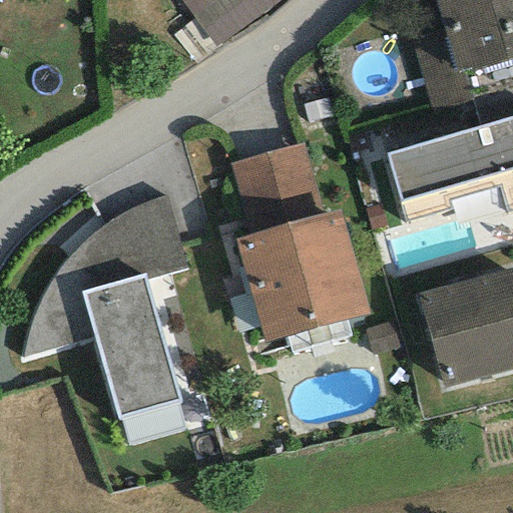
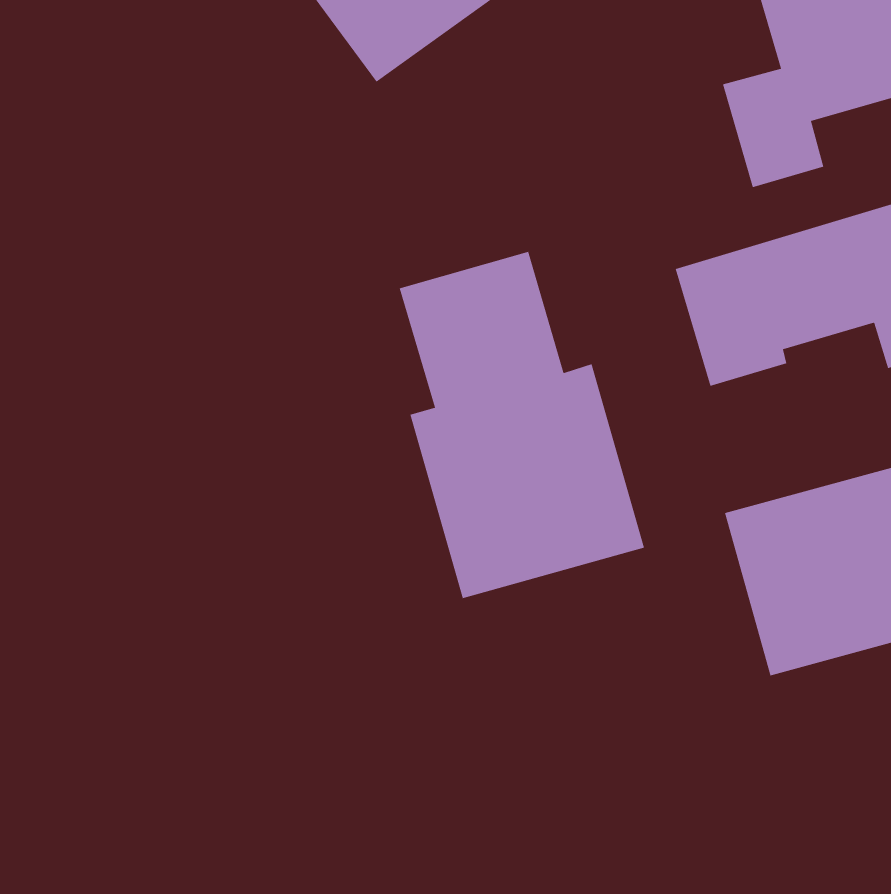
building: [24,194,188,418] -> none

